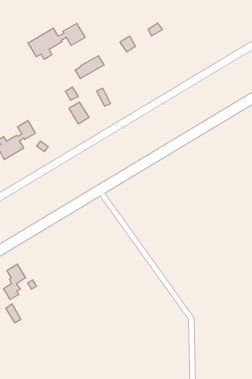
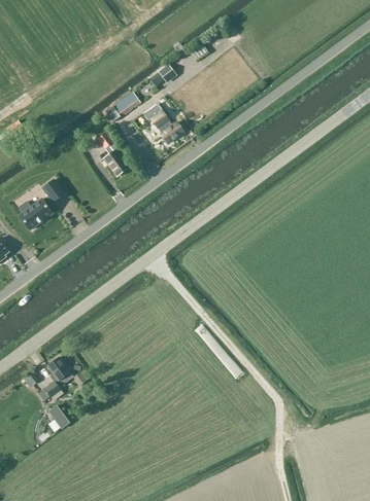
building: [28,24,85,59] -> none
building: none -> [142,104,182,143]

